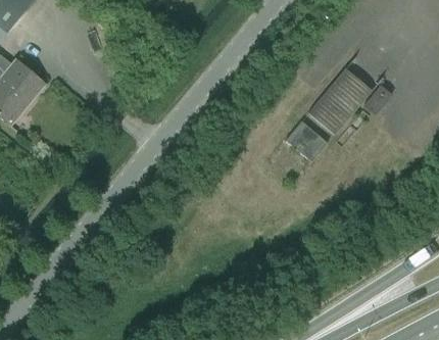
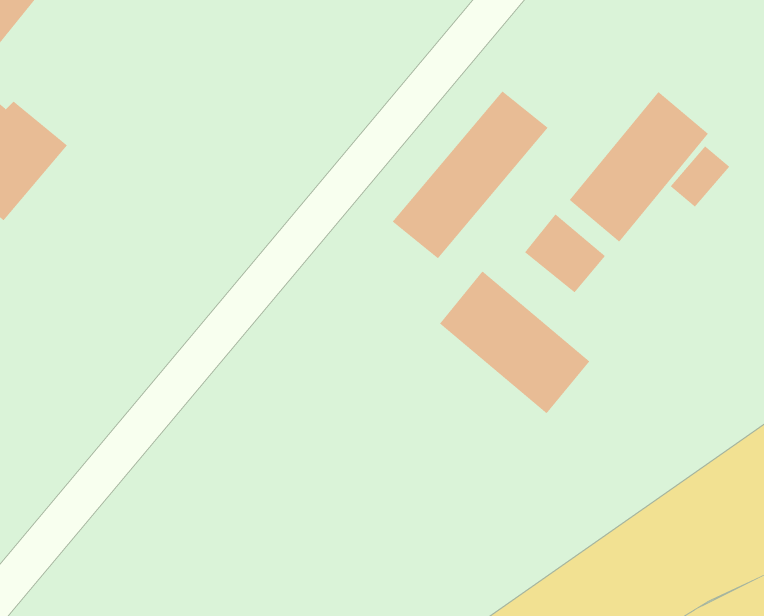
building: none -> [392,90,548,259]
building: none -> [439,271,590,414]

